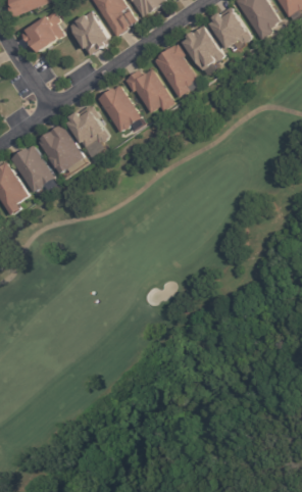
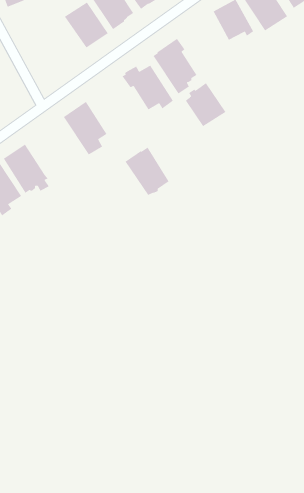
building: [23,13,64,52] -> none
building: [183,28,222,70] -> [185,82,226,127]
building: [97,86,140,133] -> [124,146,169,196]
building: [38,125,84,174] -> none

